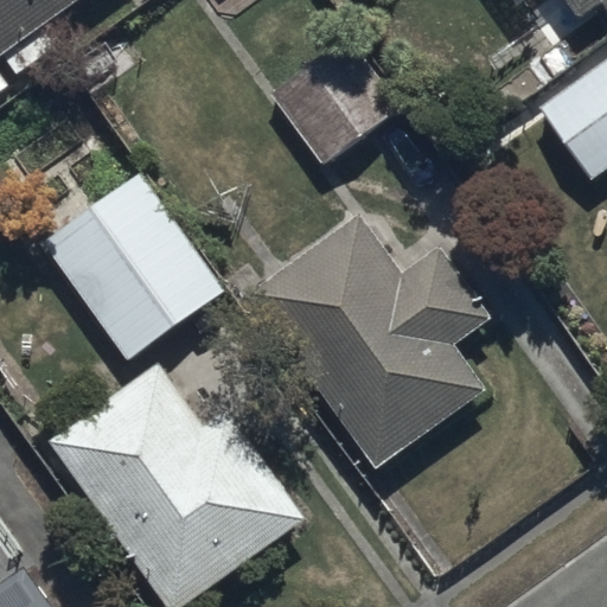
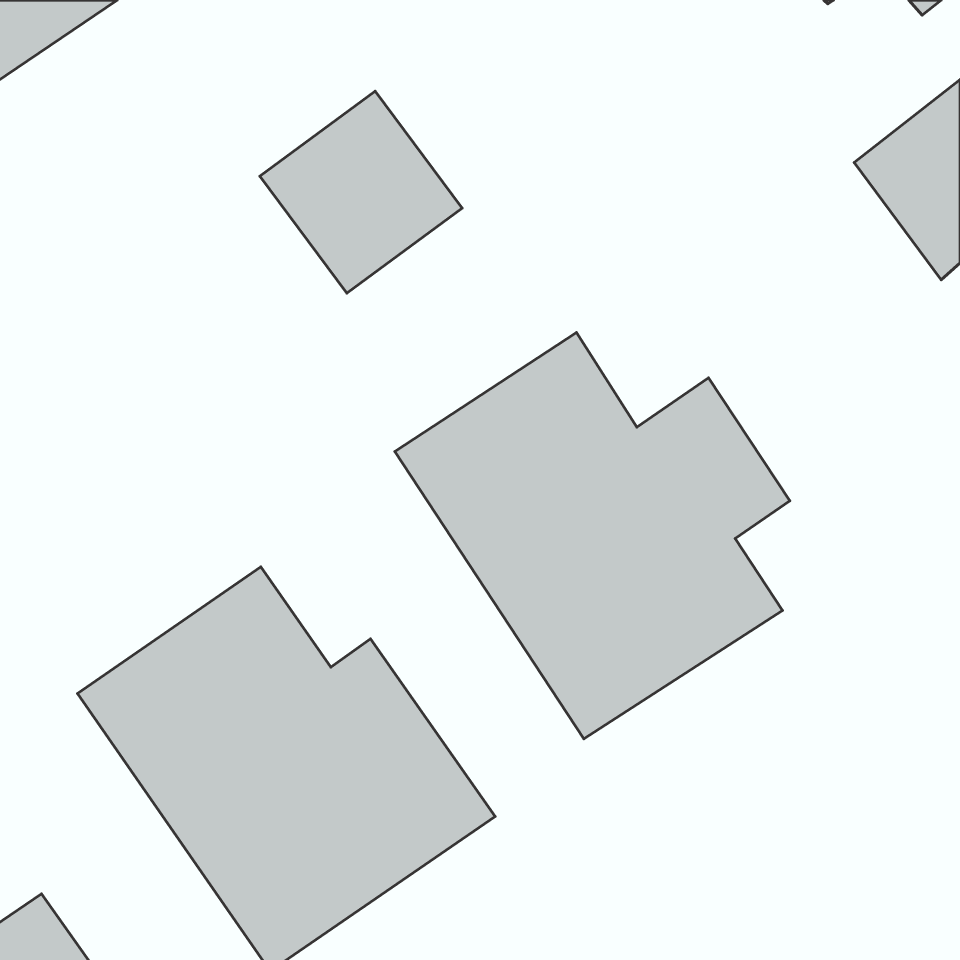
building: [268,38,395,165] -> [260,91,462,293]
building: [43,173,226,362] -> none

